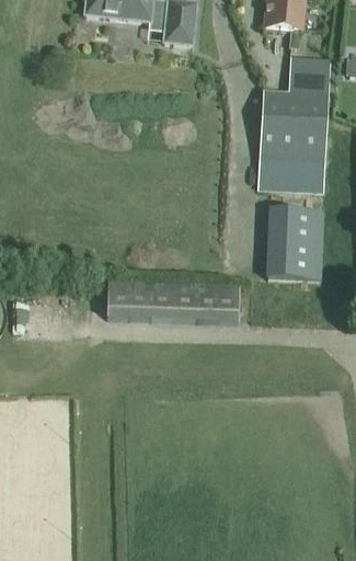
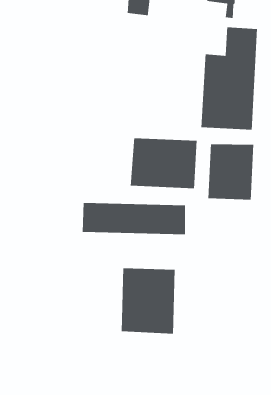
building: none -> [130,137,197,189]
building: none -> [121,268,176,334]

